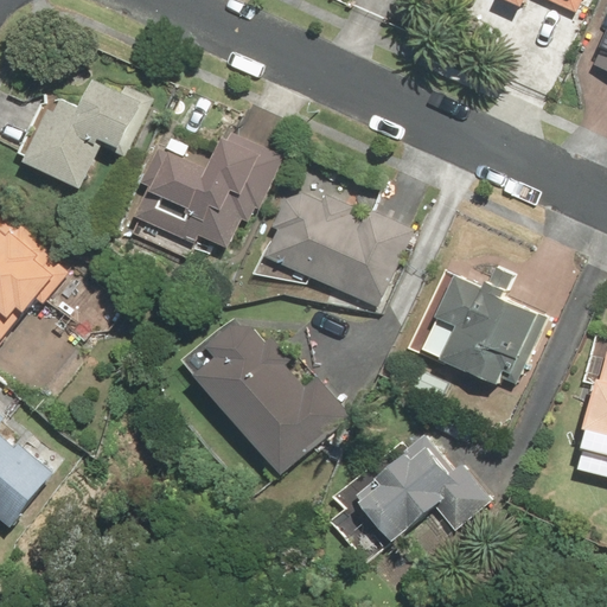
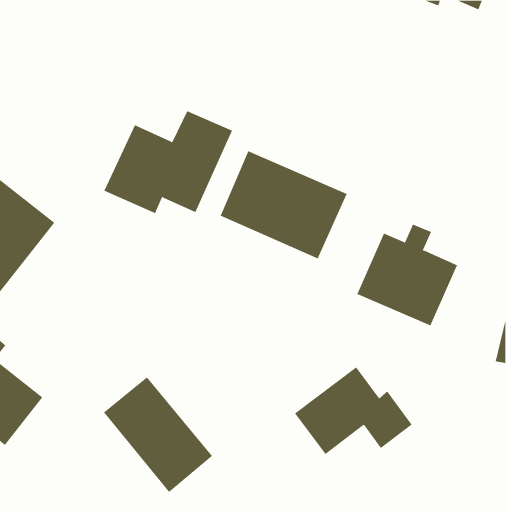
building: [18,74,149,190] -> none
building: [193,318,346,473] -> none
building: none -> [103,377,213,493]

